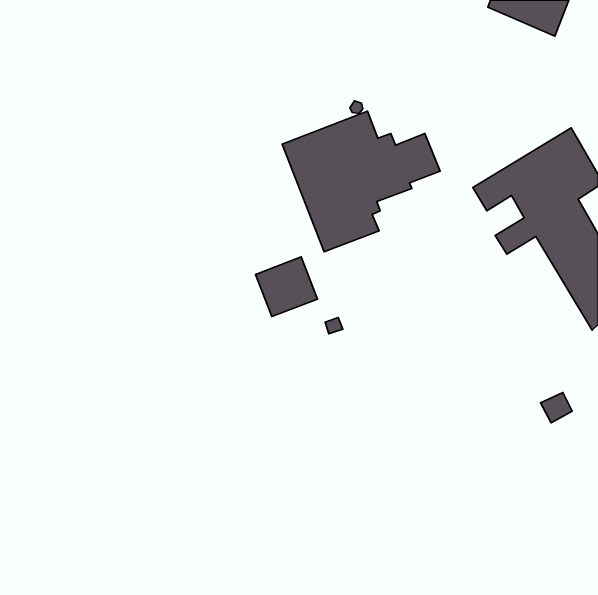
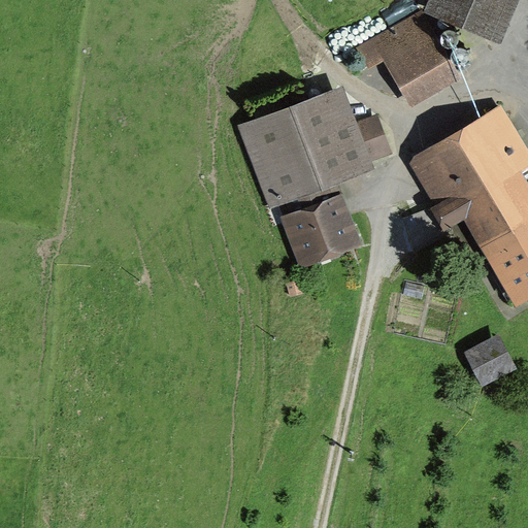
building: none -> [360,18,453,99]
building: [256,257,318,317] -> [294,206,349,259]

